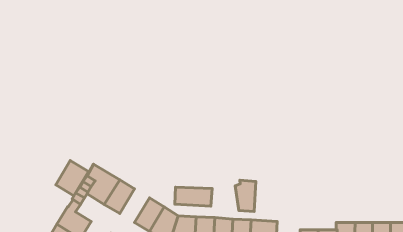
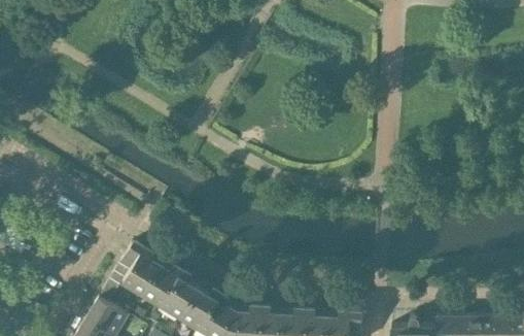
building: [56,160,88,196] -> none
building: [235,180,256,212] -> none
building: [175,187,212,206] -> none
building: none -> [165,273,202,315]

